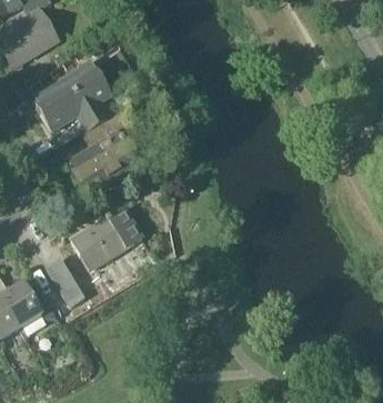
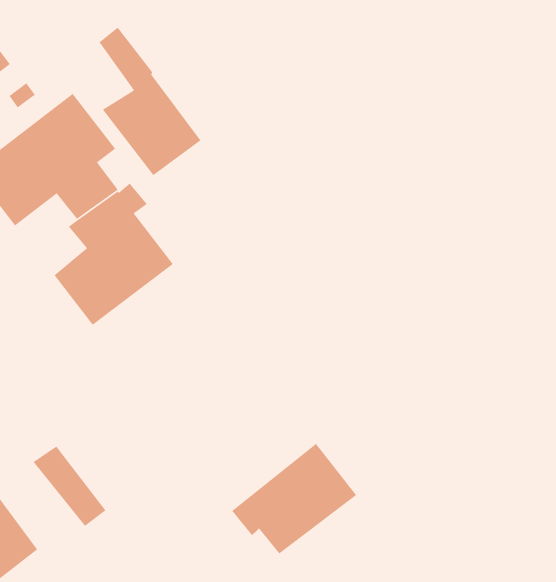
building: none -> [98,27,201,176]
building: [70,205,142,266] -> [231,443,357,555]

